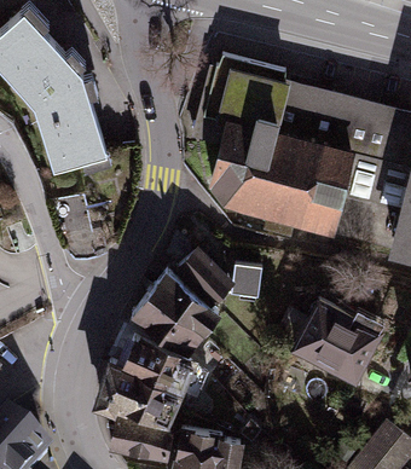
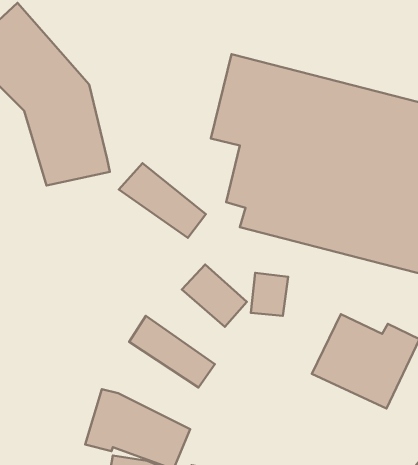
building: [143,271,219,336] -> [119,163,206,238]
building: [118,332,208,401] -> none

